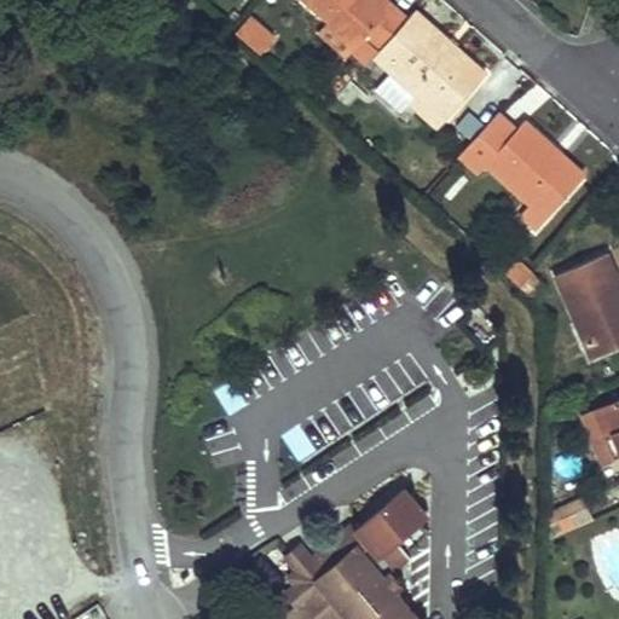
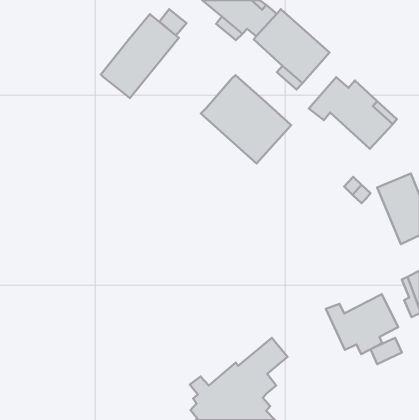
building: none -> [101,14,179,98]
building: none -> [201,75,291,164]
building: none -> [326,294,398,354]

